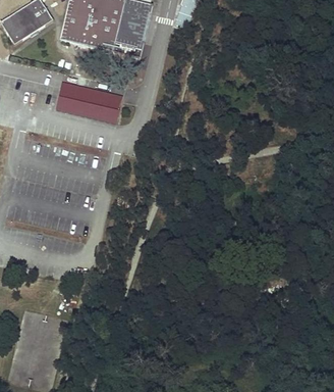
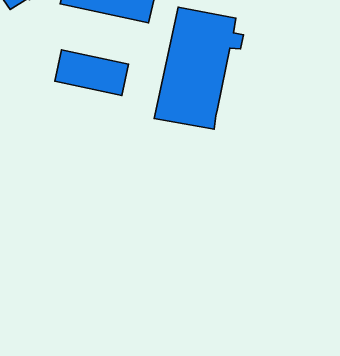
building: none -> [154,7,244,129]

